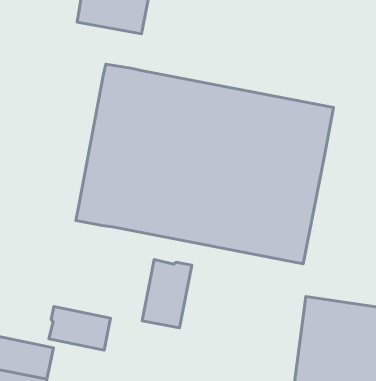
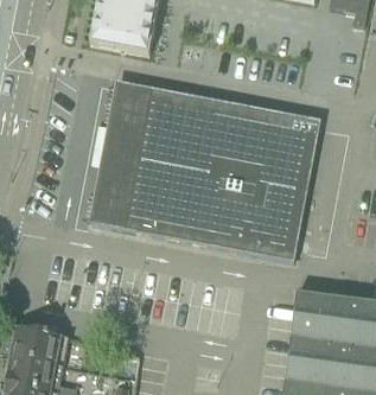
building: [142,260,192,328] -> none
building: [49,306,111,350] -> none

